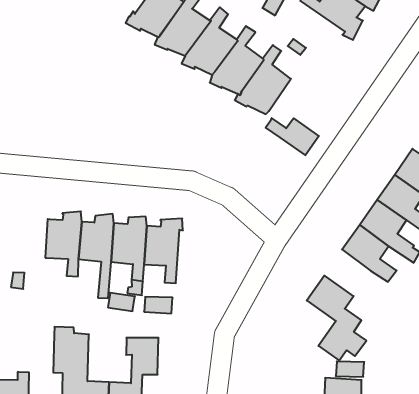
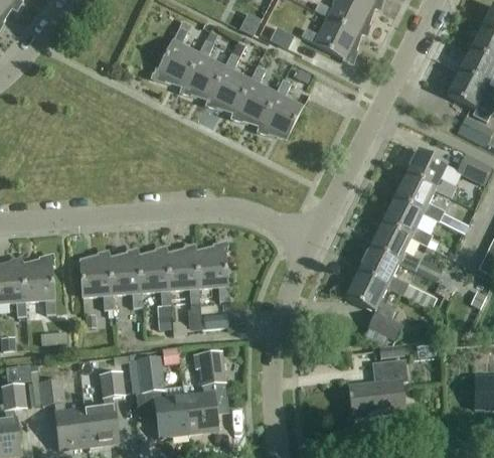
building: [266,118,319,155] -> none
building: none -> [80,251,114,309]
building: none -> [358,248,438,309]
building: none -> [101,370,126,397]

